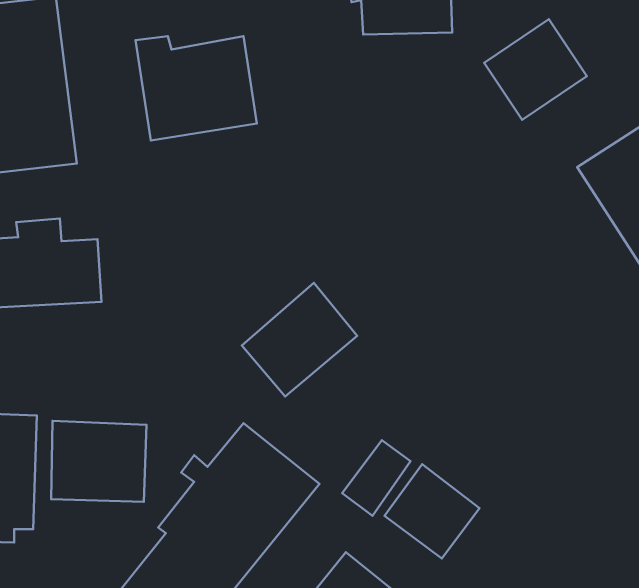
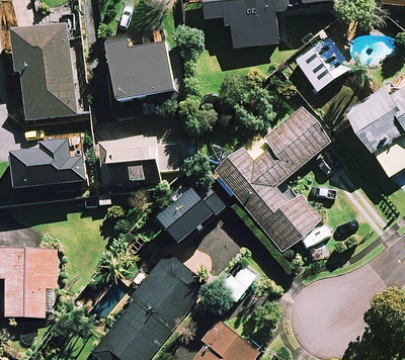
building: none -> [216,106,330,253]
building: none -> [104,138,158,182]
building: [51,421,147,502] -> none
building: [384,464,479,558] -> none

